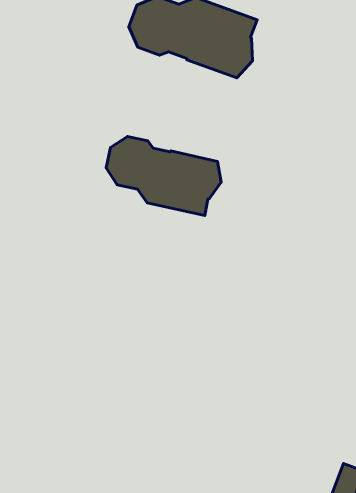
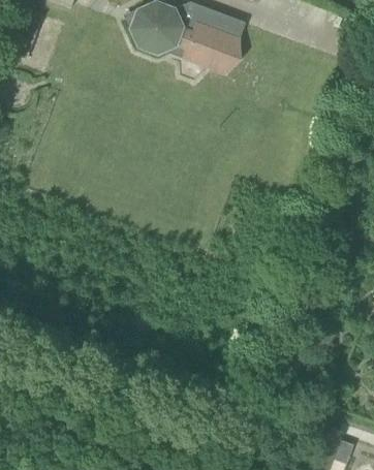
building: [106,136,221,216] -> none

